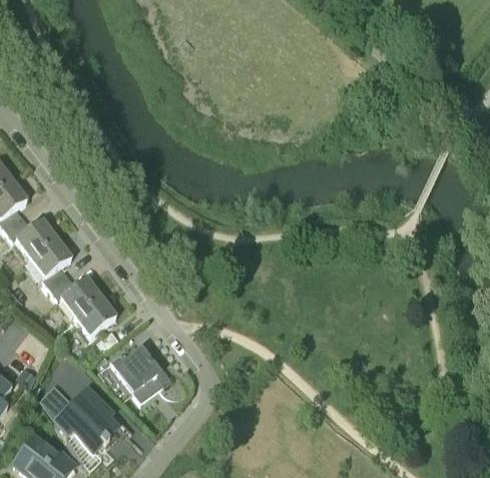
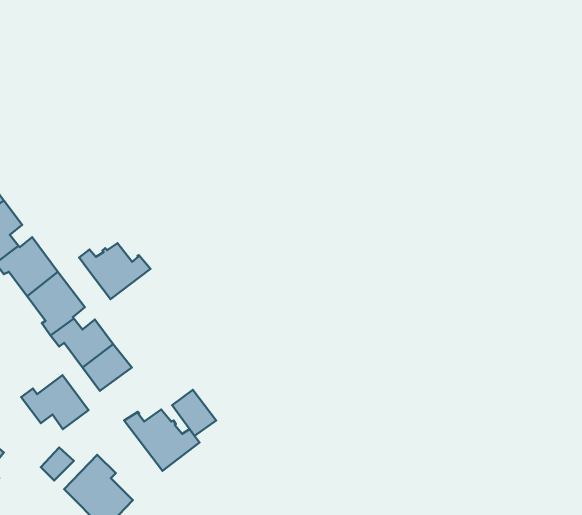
building: none -> [79,243,150,299]
building: none -> [21,375,88,429]
building: none -> [172,390,216,436]

